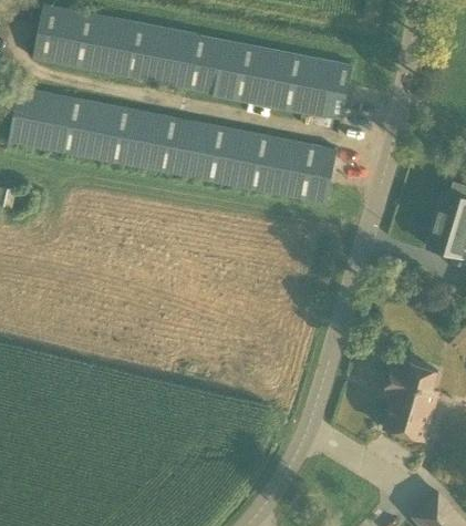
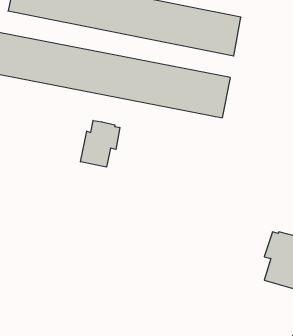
building: none -> [81,120,120,167]

